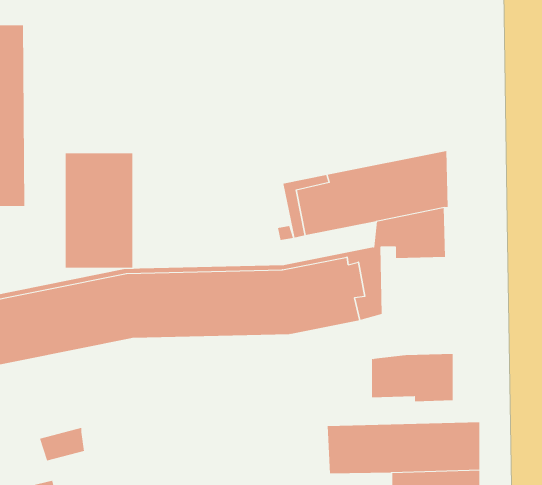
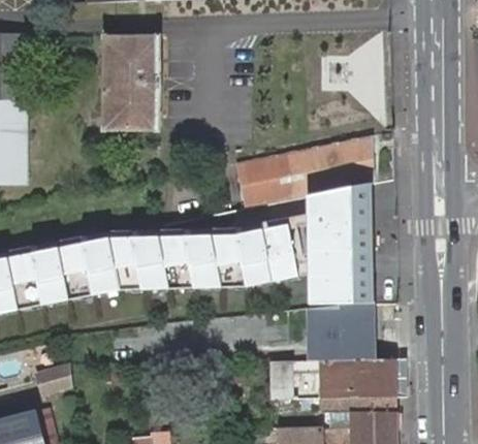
building: [65,153,133,268] -> [103,35,159,129]
building: none -> [309,216,370,307]
building: none -> [307,338,375,360]

